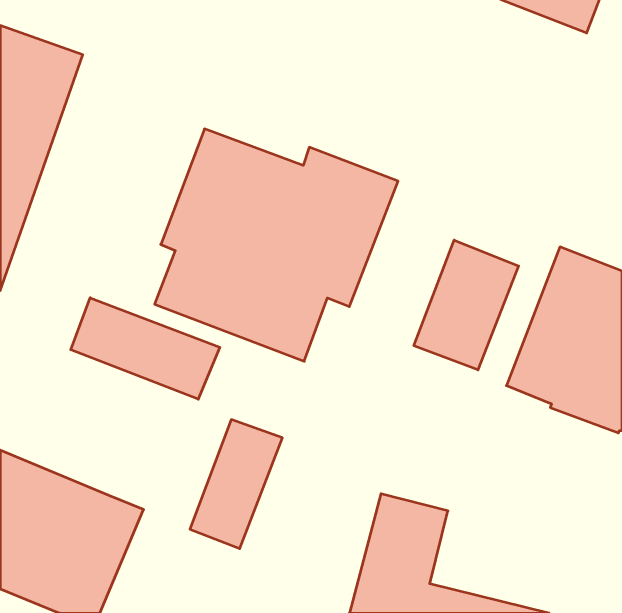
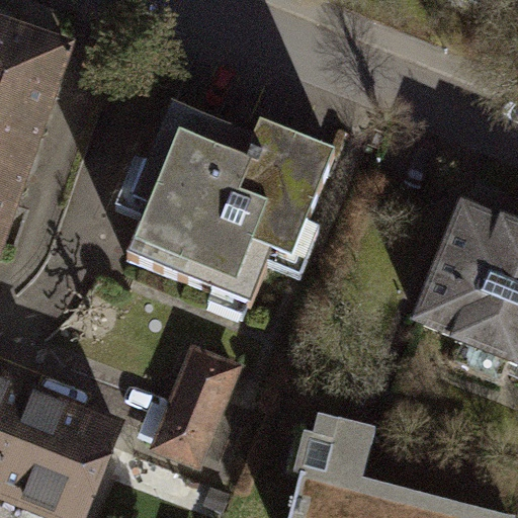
building: [414,240,519,370] -> none
building: [71,298,220,399] -> none

